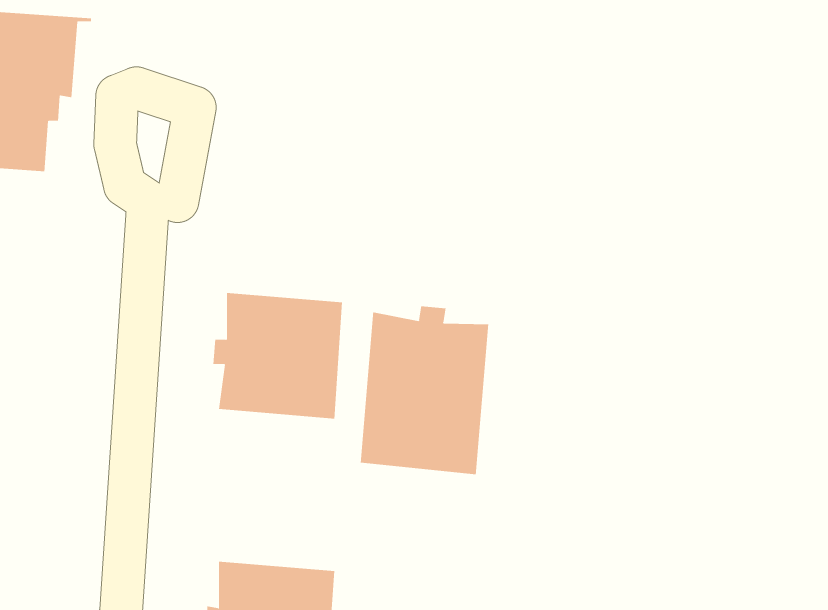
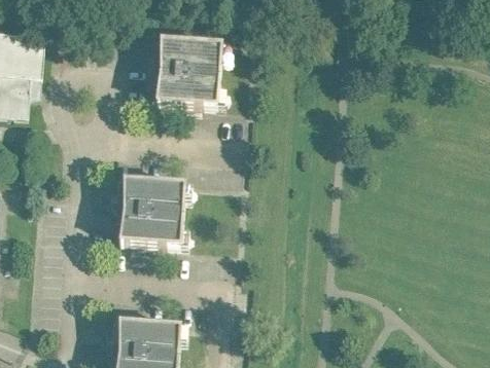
building: none -> [152,38,221,103]
building: [360,305,489,475] -> none

